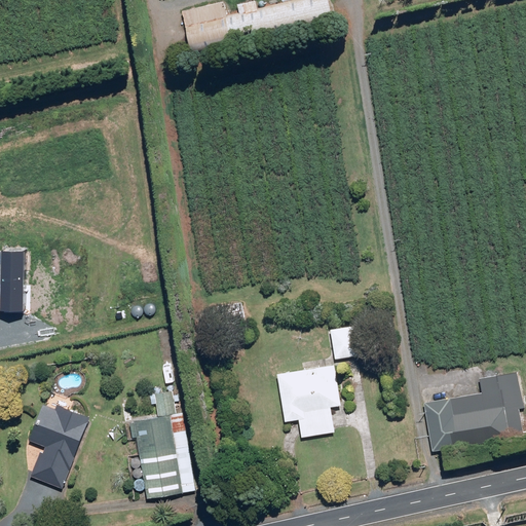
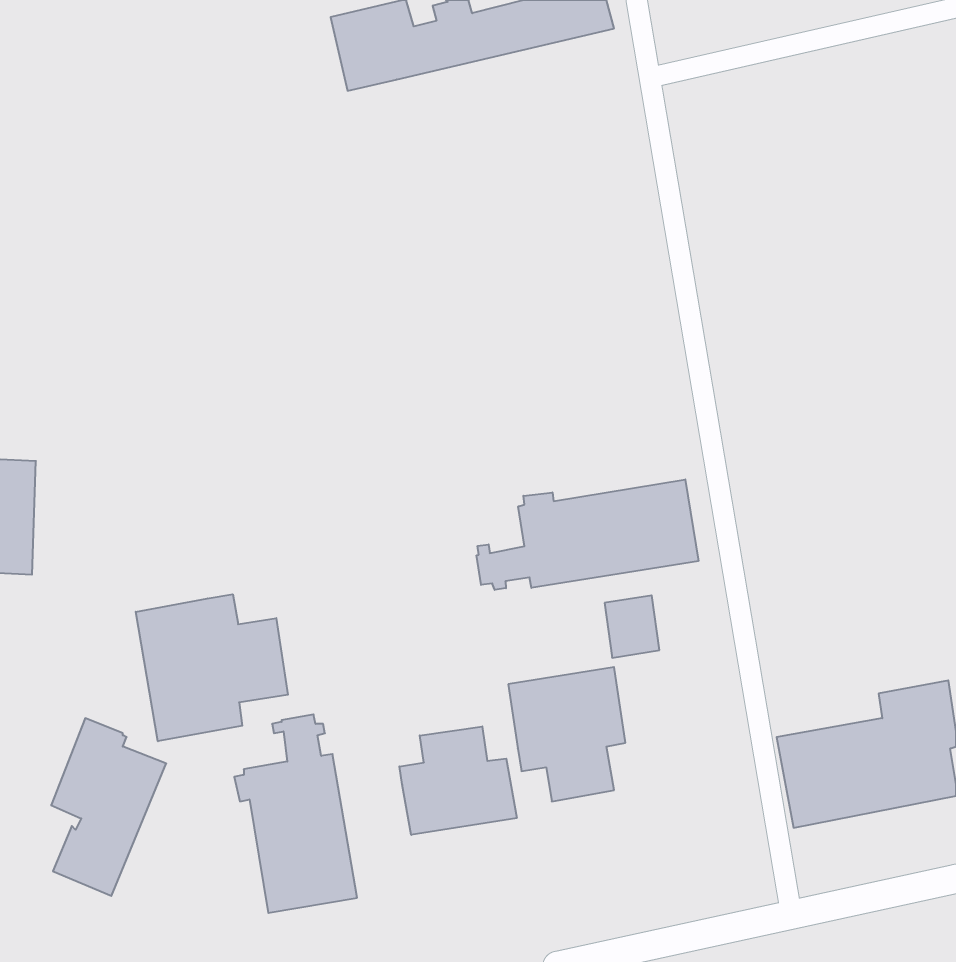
building: none -> [477,479,698,590]
building: none -> [136,594,288,741]
building: none -> [399,726,517,835]

